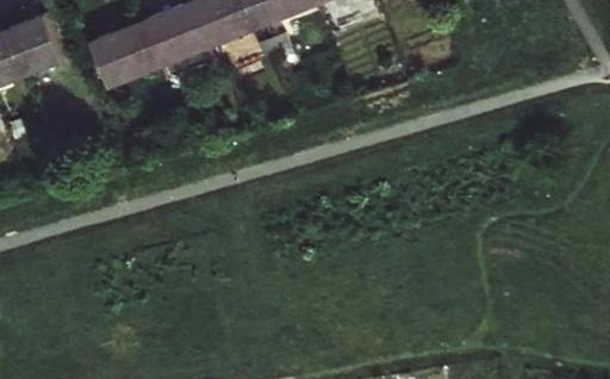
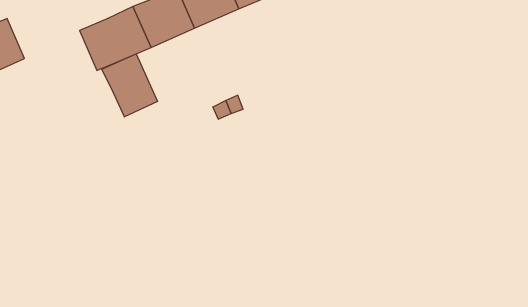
building: [10,17,66,76] -> none
building: none -> [102,54,157,117]

